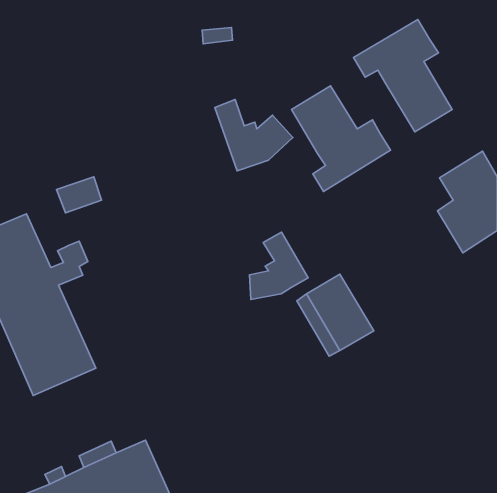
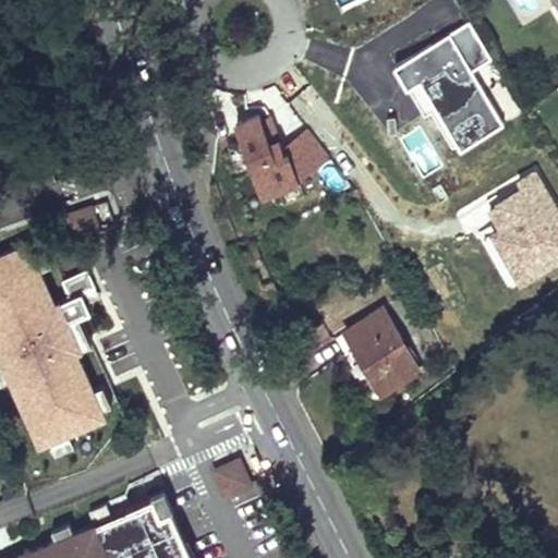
building: [291,86,390,192] -> none
building: [250,232,308,300] -> none
building: none -> [211,458,253,499]

